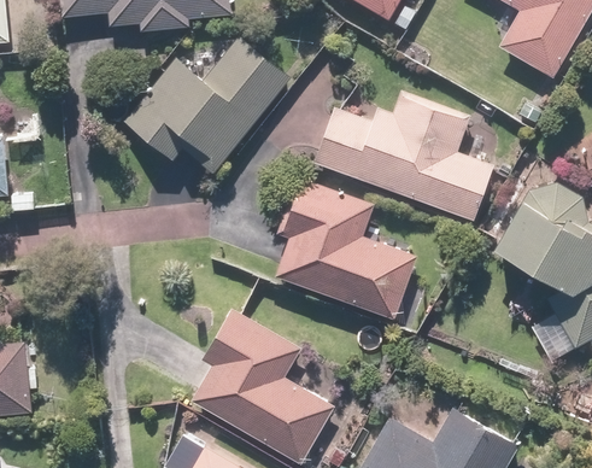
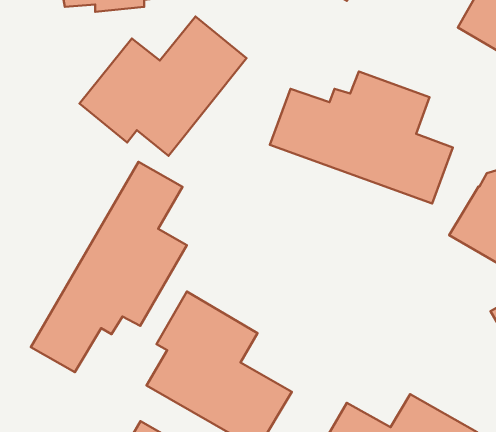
building: [275,177,416,320] -> none
building: none -> [31,162,187,372]

